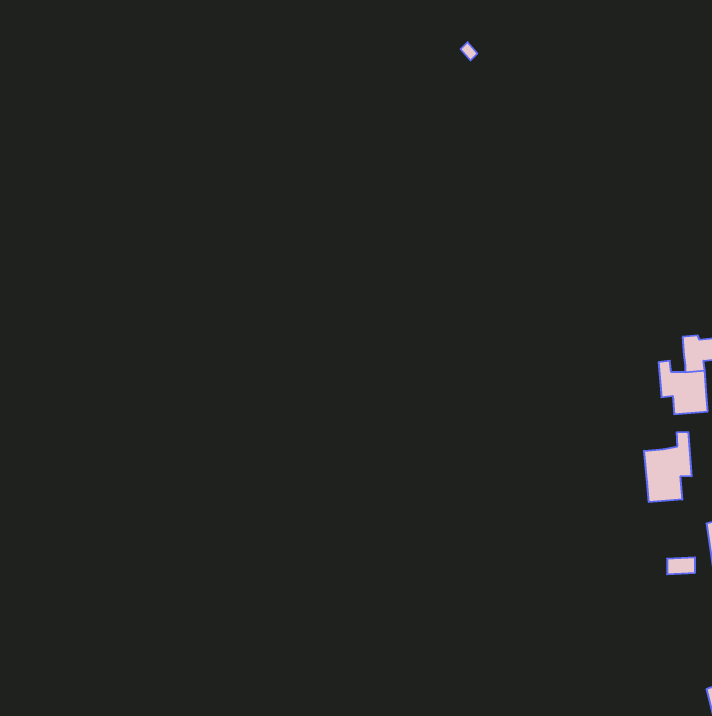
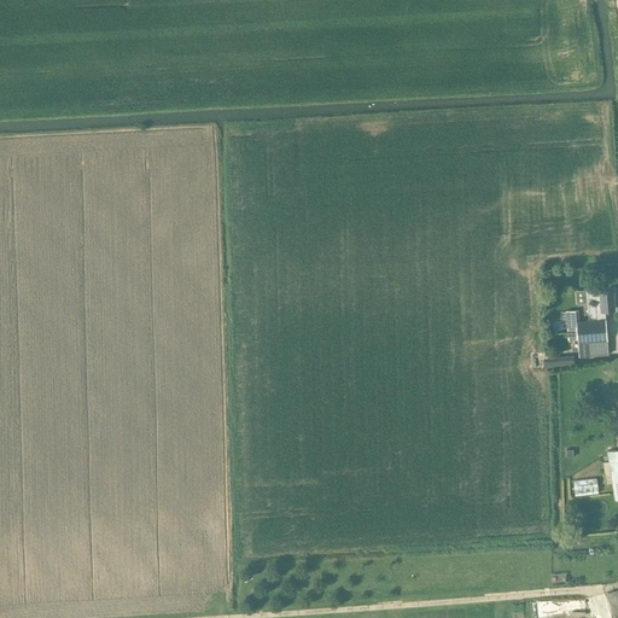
building: [644,432,692,502] -> none

